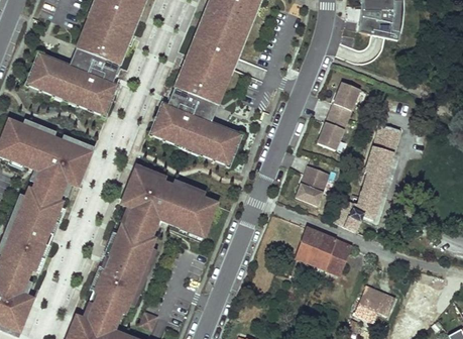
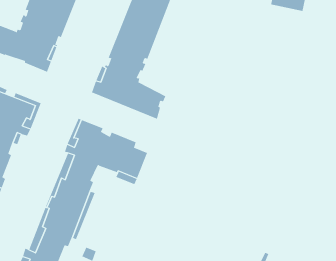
building: [319,83,360,149] -> none
building: [336,112,404,231] -> none
building: [298,166,328,204] -> none
building: [295,226,352,277] -> none
building: [354,285,396,323] -> none

